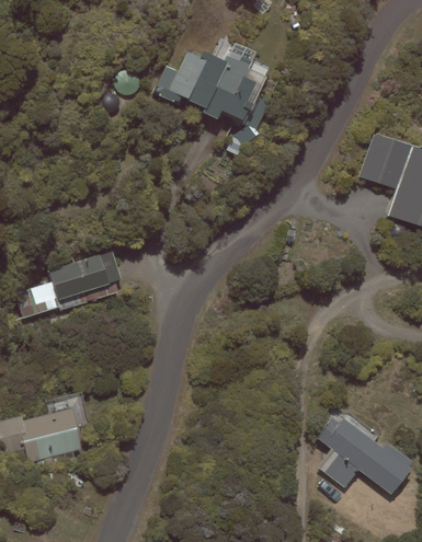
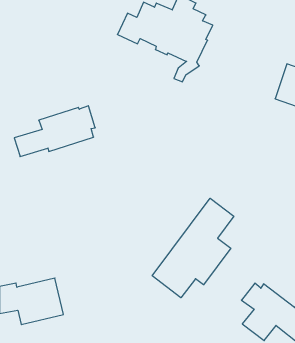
building: [16,251,122,316] -> [14,106,95,157]
building: none -> [152,198,234,298]

